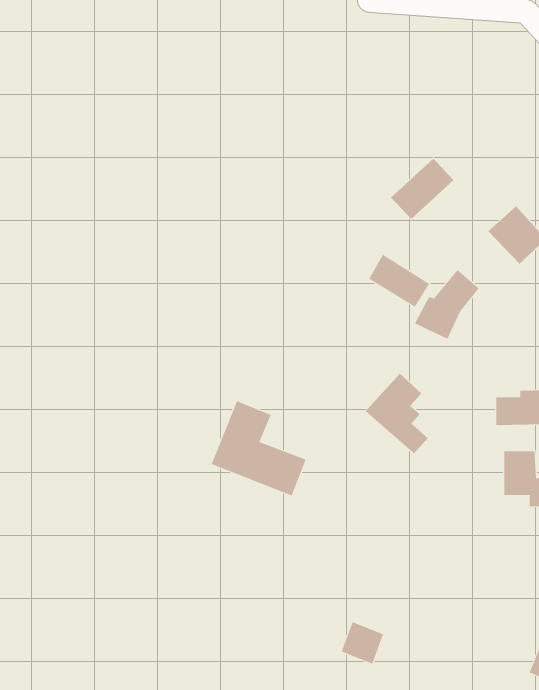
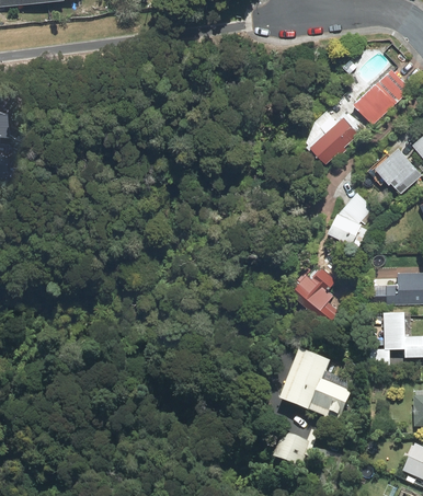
building: none -> [355,70,408,122]
building: [368,254,430,308] -> none
building: [211,400,306,496] -> [281,353,346,418]

